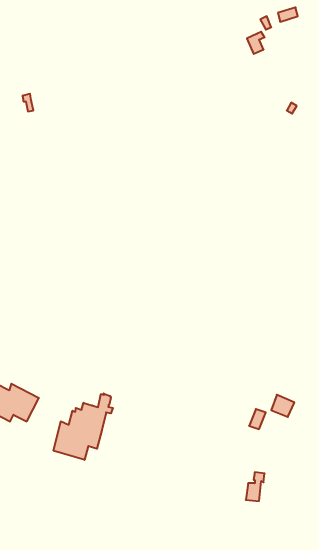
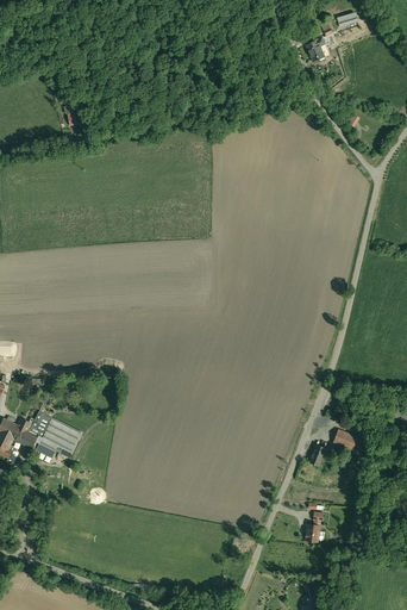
building: [54,393,113,460] -> none

